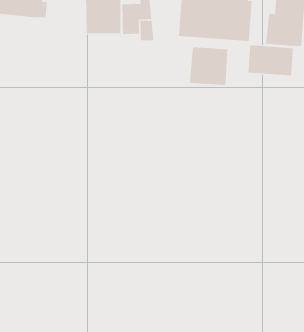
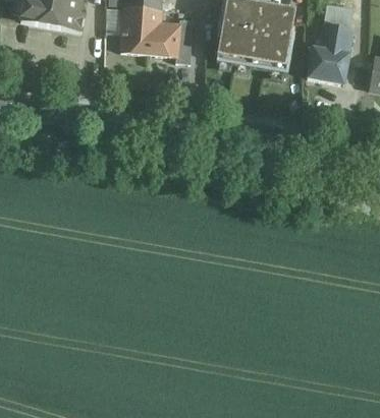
building: [248,44,294,76] -> none
building: [190,46,228,86] -> none

